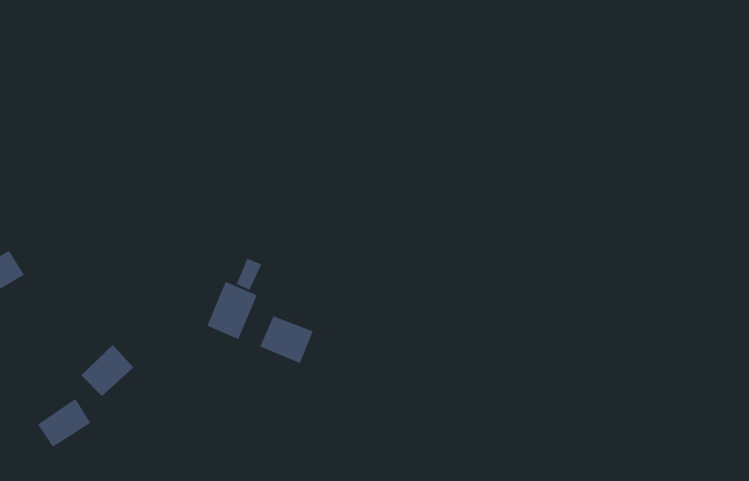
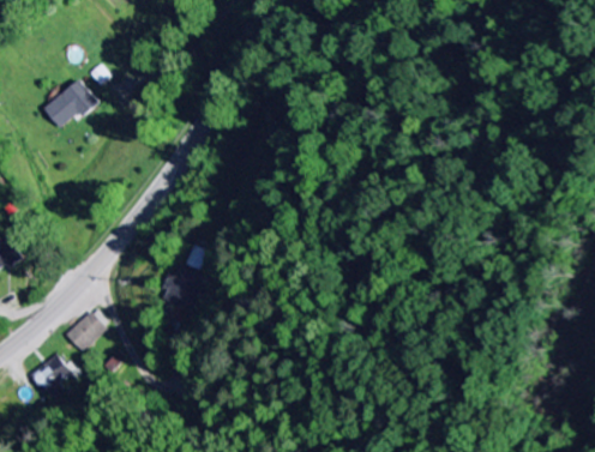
building: none -> [46,79,101,127]
building: [259,315,314,364] -> none

